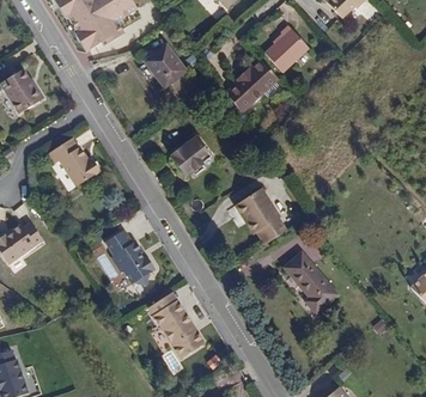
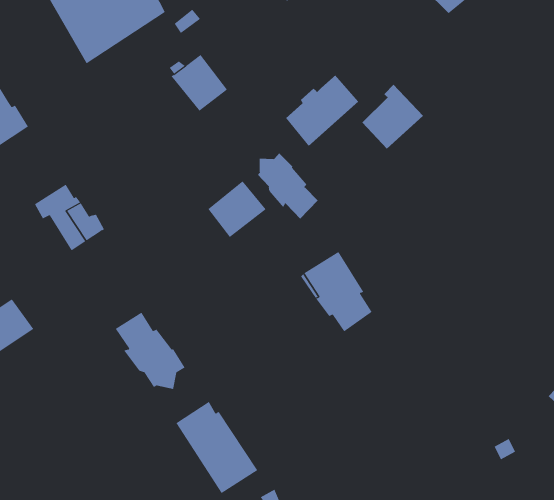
building: [264,25,309,72] -> [362,84,424,150]
building: none -> [257,152,319,220]
building: [284,252,337,312] -> none

